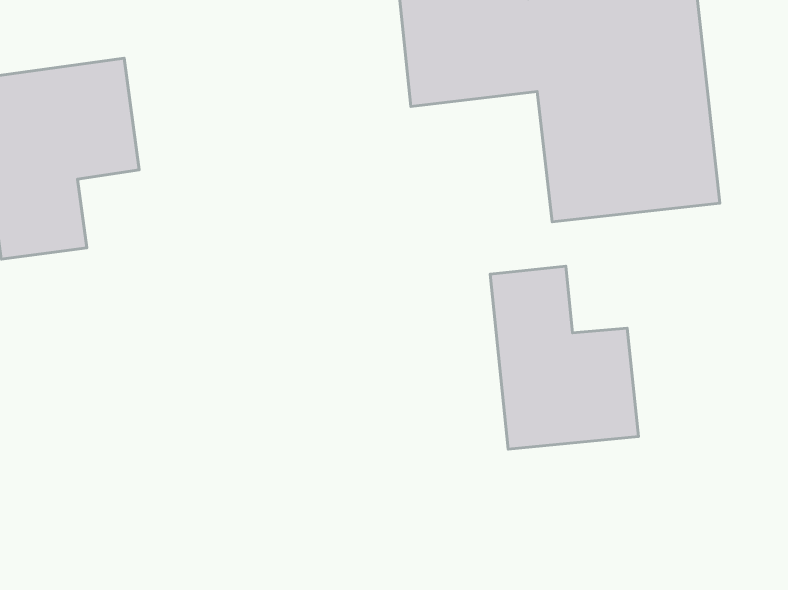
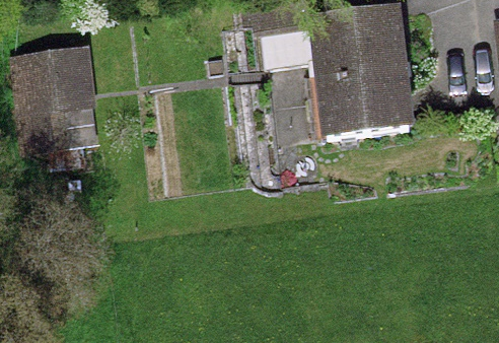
building: [490,266,638,449] -> none

